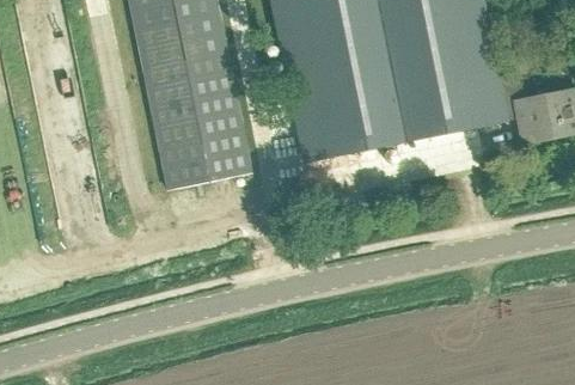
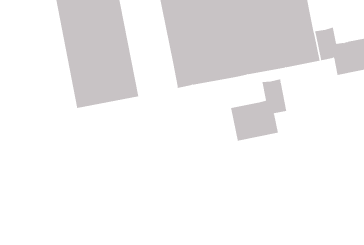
building: none -> [231,78,287,141]

